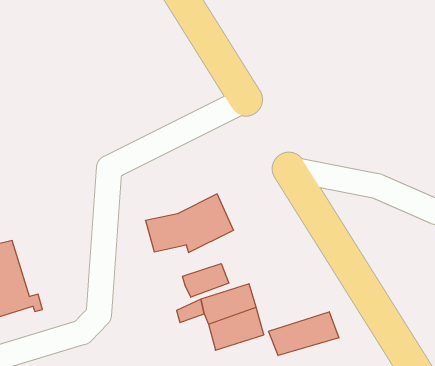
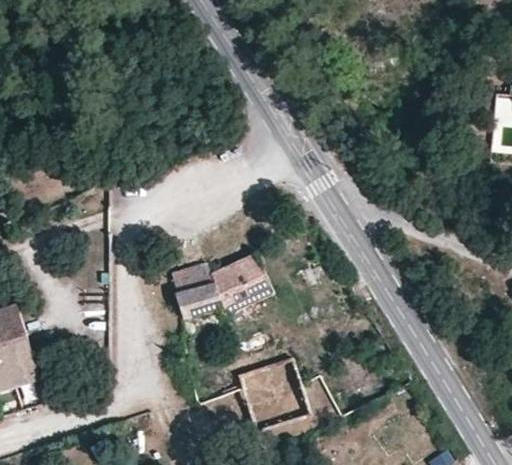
building: [183,264,229,297] -> none
building: [268,312,339,356] -> none

